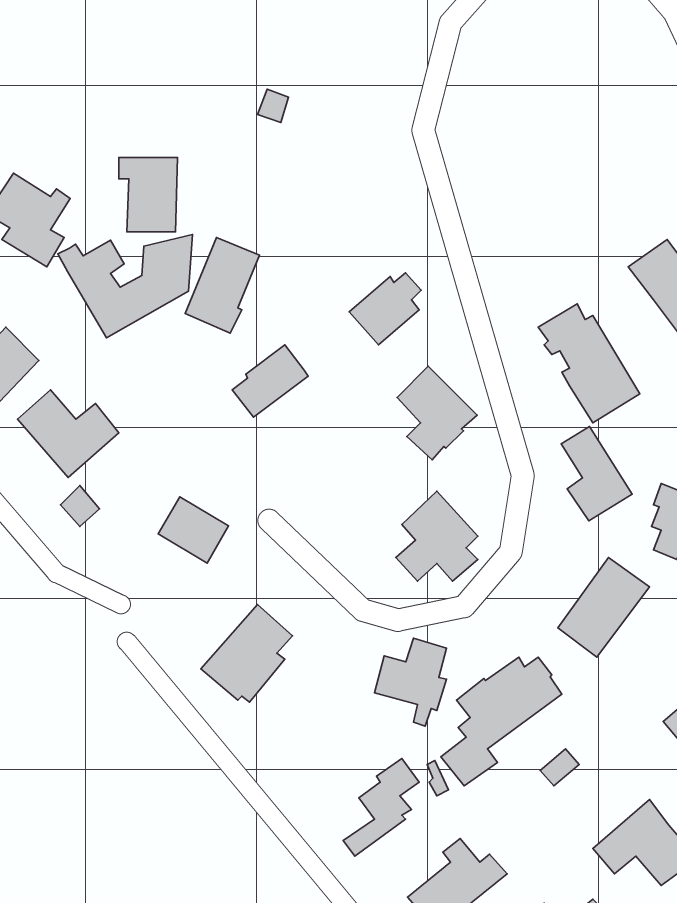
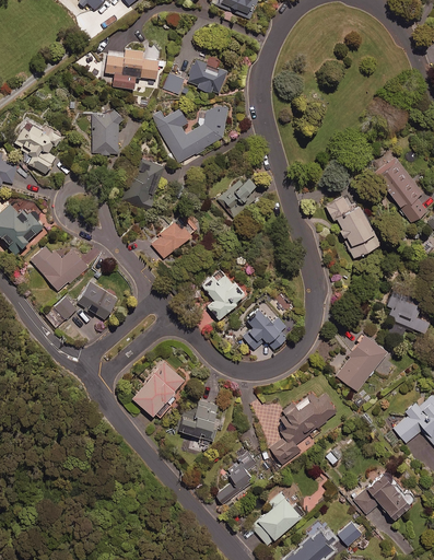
building: none -> [107,48,161,88]
building: none -> [188,52,228,94]
building: [58,234,192,338] -> [152,104,227,162]
building: [397,366,477,460] -> [203,267,248,319]
building: [561,426,632,521] -> none
building: [158,497,229,563] -> [77,279,116,316]
building: [374,638,447,726] -> [179,399,220,448]

